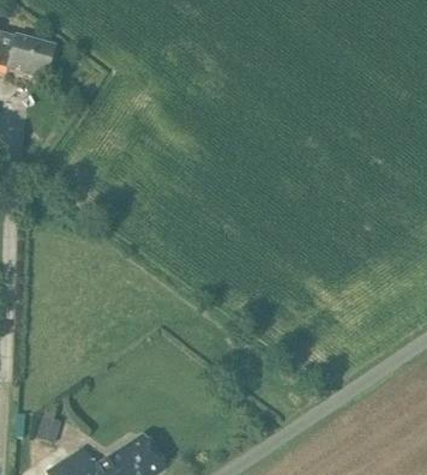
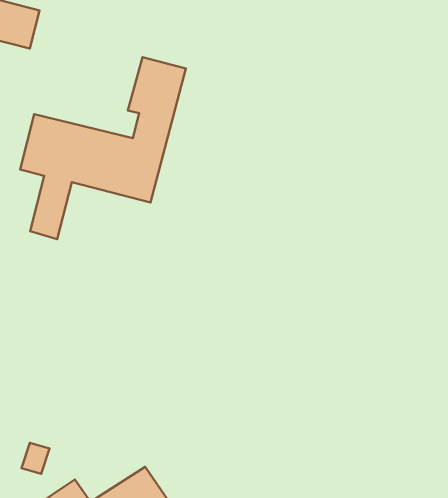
building: none -> [20,57,186,239]

